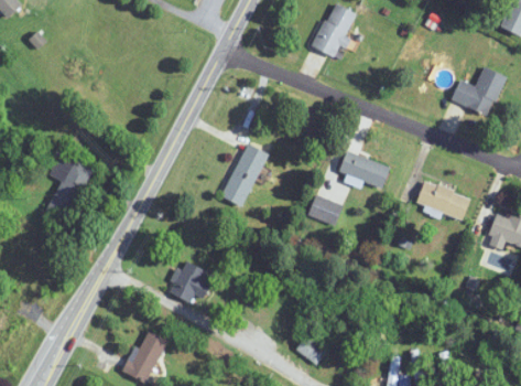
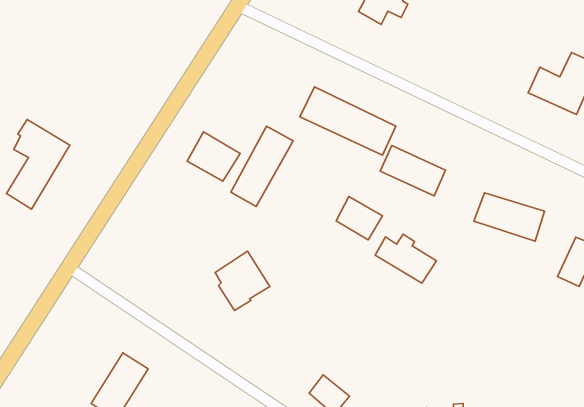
building: none -> [300,87,396,155]
building: none -> [187,132,240,181]
building: none -> [375,234,436,283]
building: [167,259,211,307] -> [215,251,270,310]

